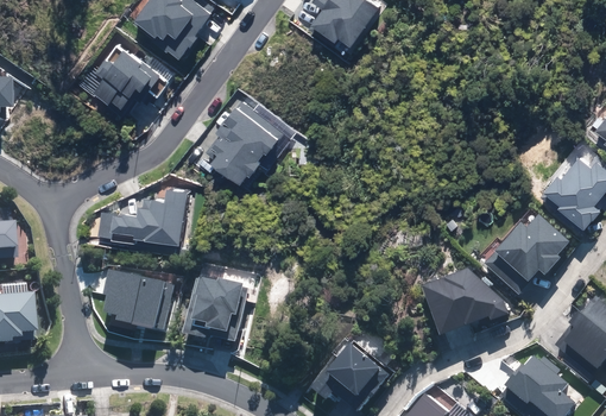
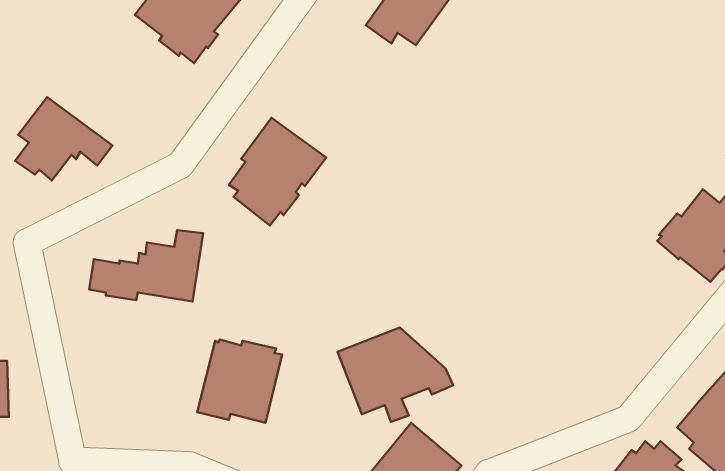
building: [91,43,168,108] -> [15,97,112,181]
building: [487,212,576,292] -> none
building: [427,265,517,339] -> [338,328,453,422]
building: [102,267,173,329] -> none

